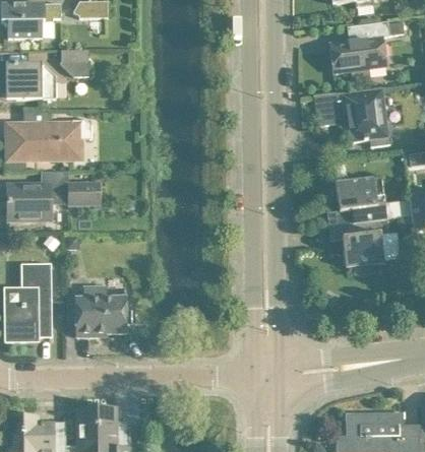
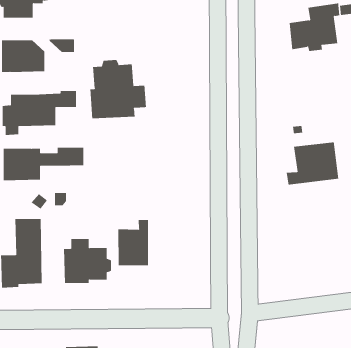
building: none -> [90,59,147,119]
building: [314,89,390,146] -> none
building: [329,218,388,273] -> none
building: none -> [118,219,149,266]

